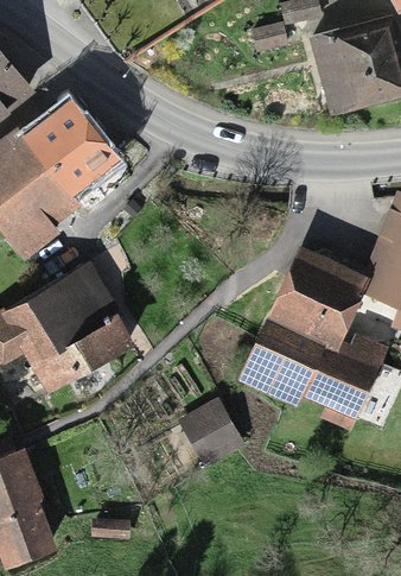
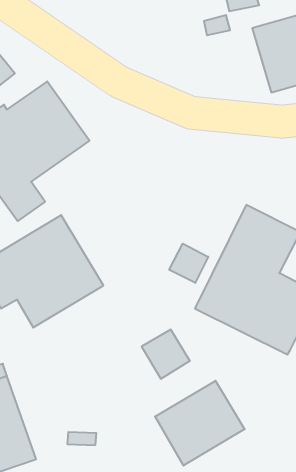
building: none -> [169,244,208,283]
building: none -> [155,381,245,466]

